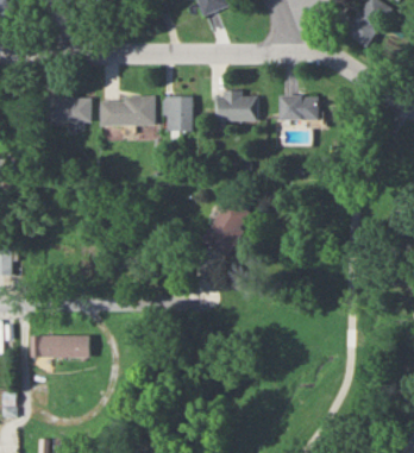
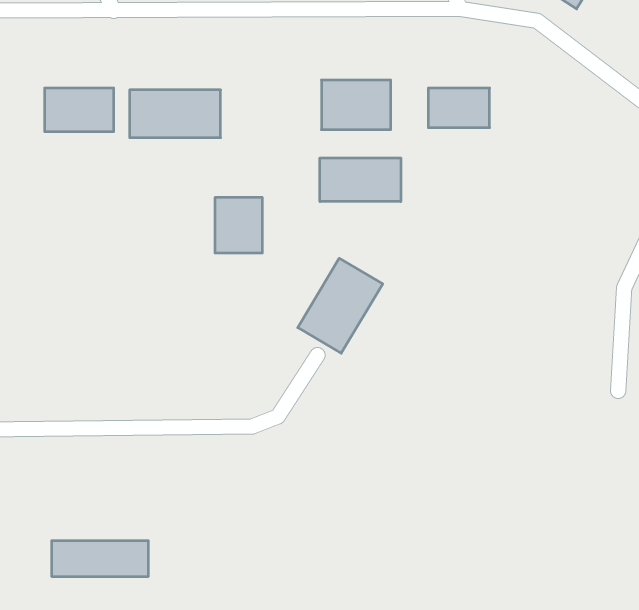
building: [163,97,192,131] -> [215,198,262,253]
building: none -> [320,158,401,202]
building: [31,335,89,357] -> [52,541,148,576]

